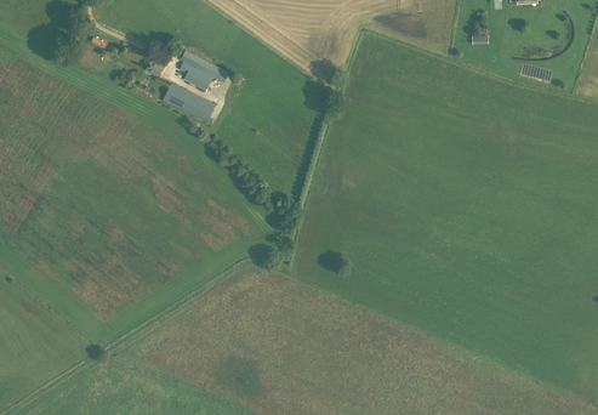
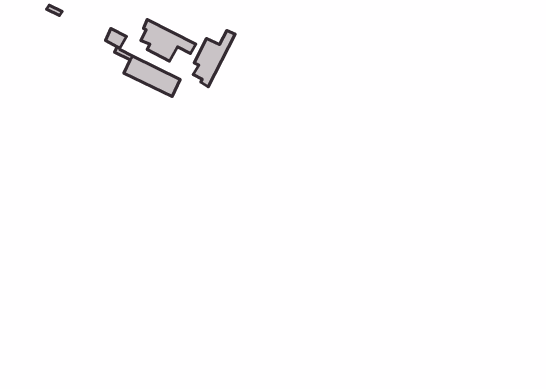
building: none -> [193,30,235,87]

